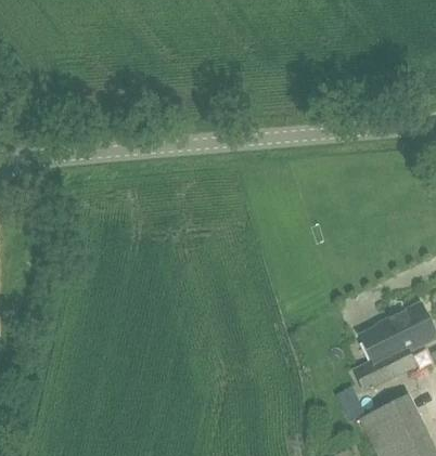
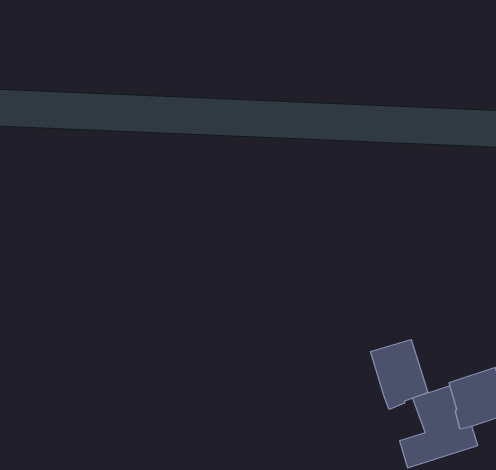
building: none -> [371,340,428,409]

